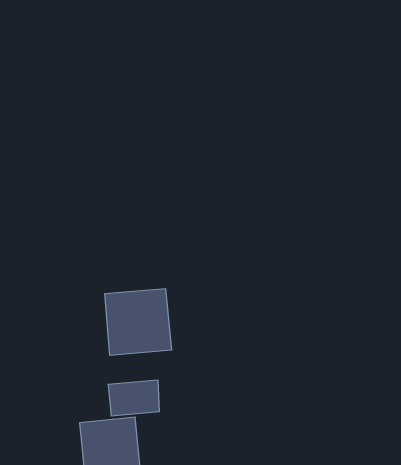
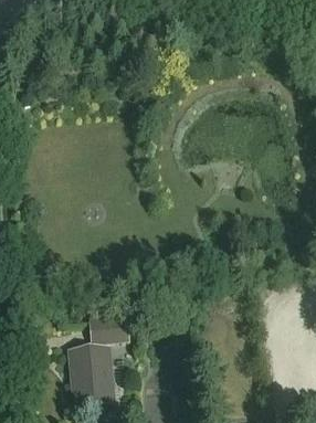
building: [105,289,172,355] -> none

